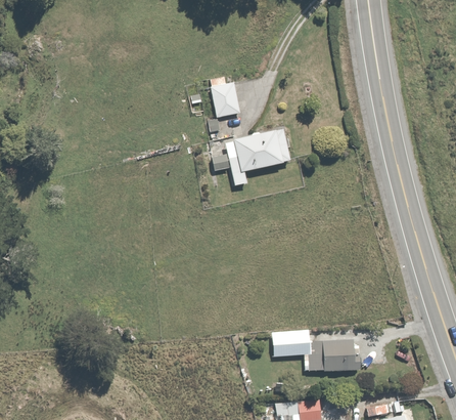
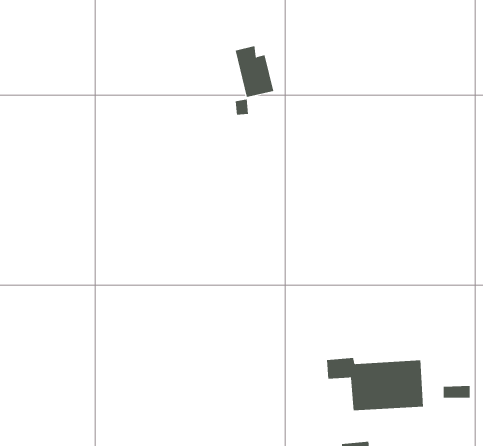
building: [213,132,286,188] -> none

